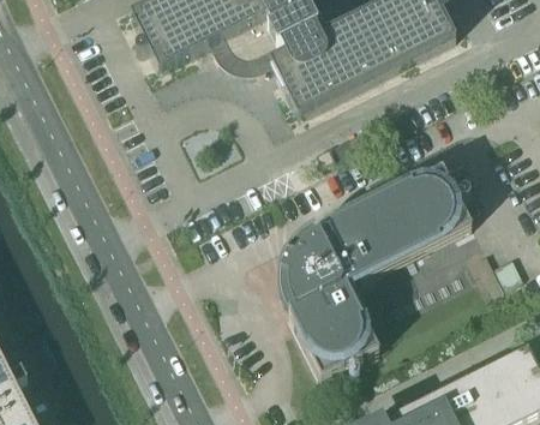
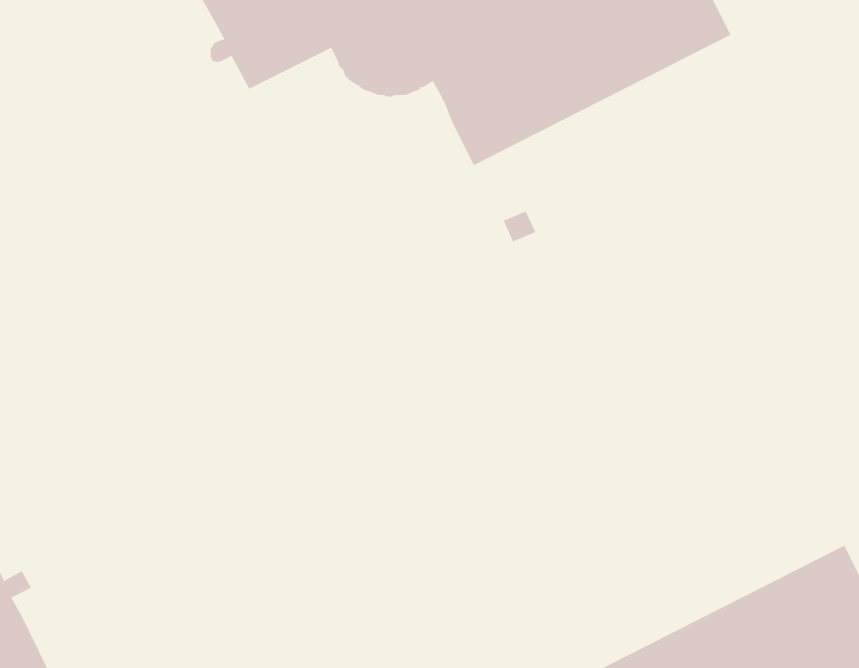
building: [275,164,467,375] -> none

